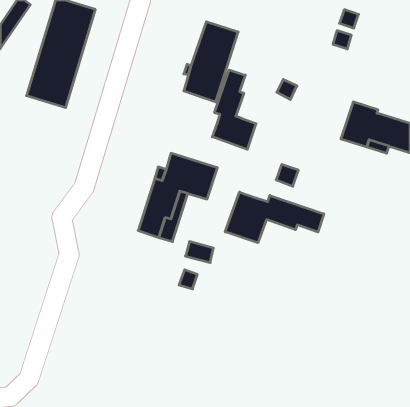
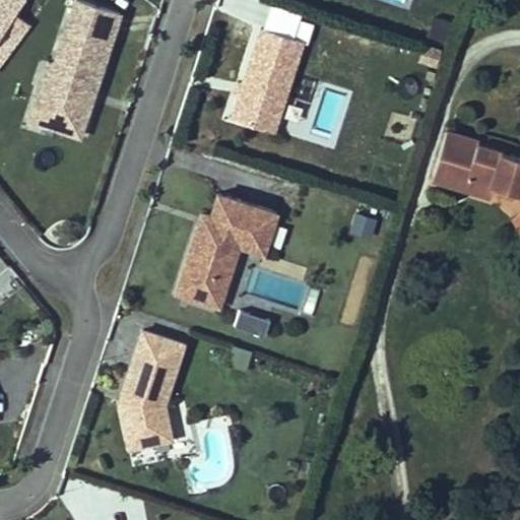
building: [212,70,256,149] -> none
building: [225,192,324,243] -> none
building: none -> [119,330,186,463]

